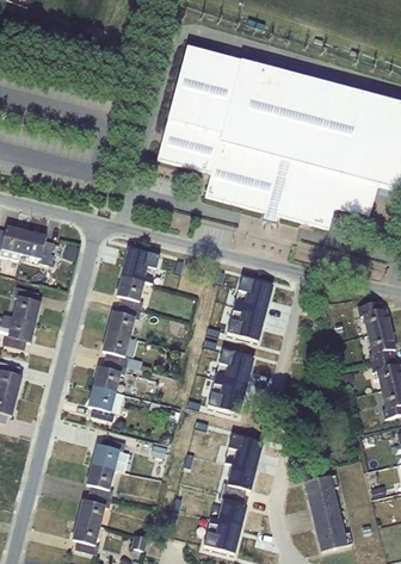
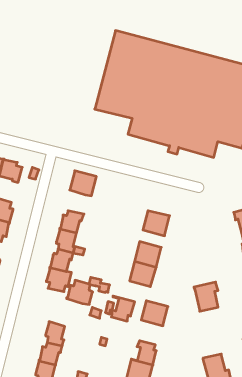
building: [117,274,144,309] -> none
building: [234,275,272,311] -> none
building: [92,436,129,471] -> [67,280,93,304]
building: [222,460,255,496] -> [111,296,135,321]
building: [304,473,339,515] -> [194,282,218,311]

